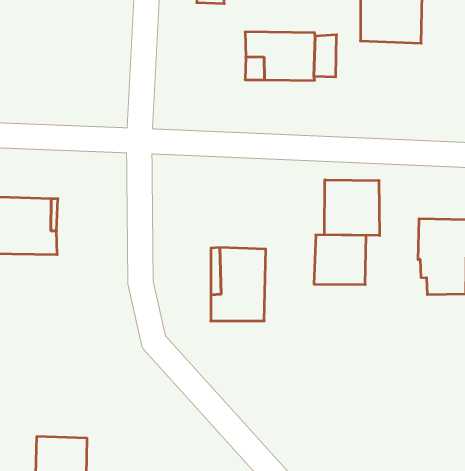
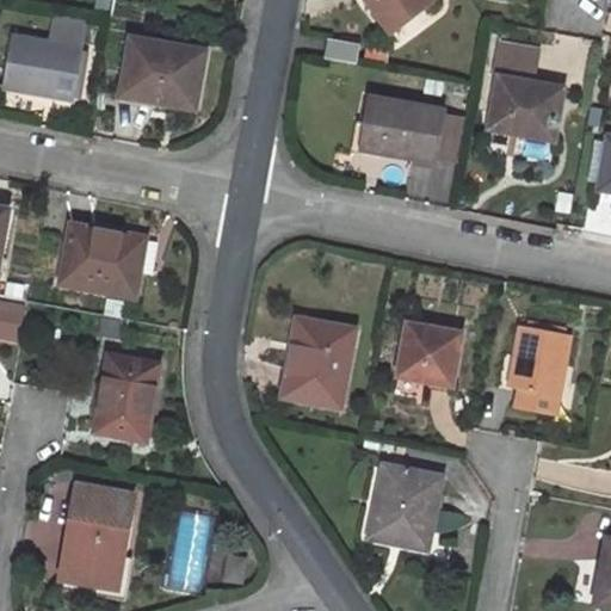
building: none -> [122,36,204,107]
building: [324,180,380,236] -> none
building: none -> [93,353,156,439]
building: none -> [368,464,438,547]

